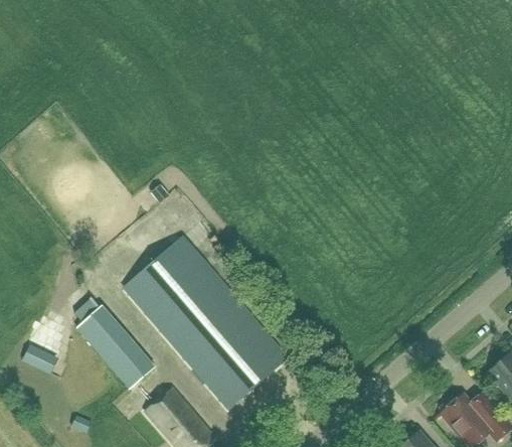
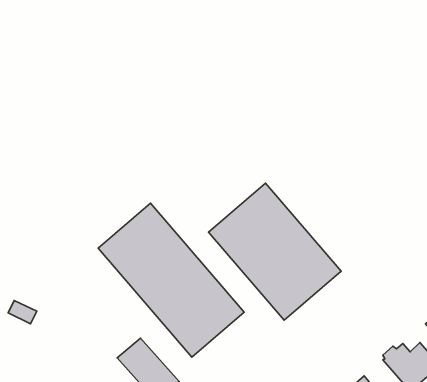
building: none -> [209,183,341,320]
building: [77,307,154,389] -> none

